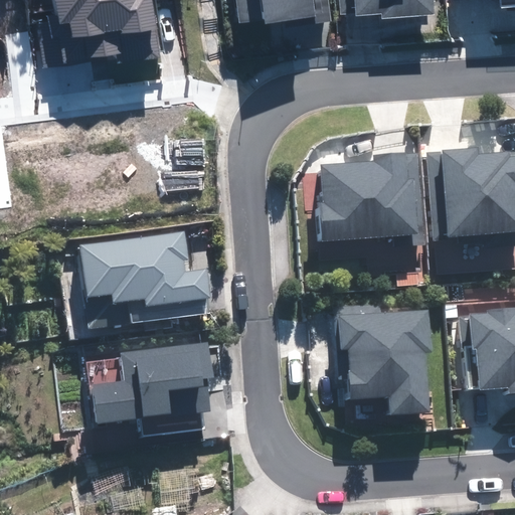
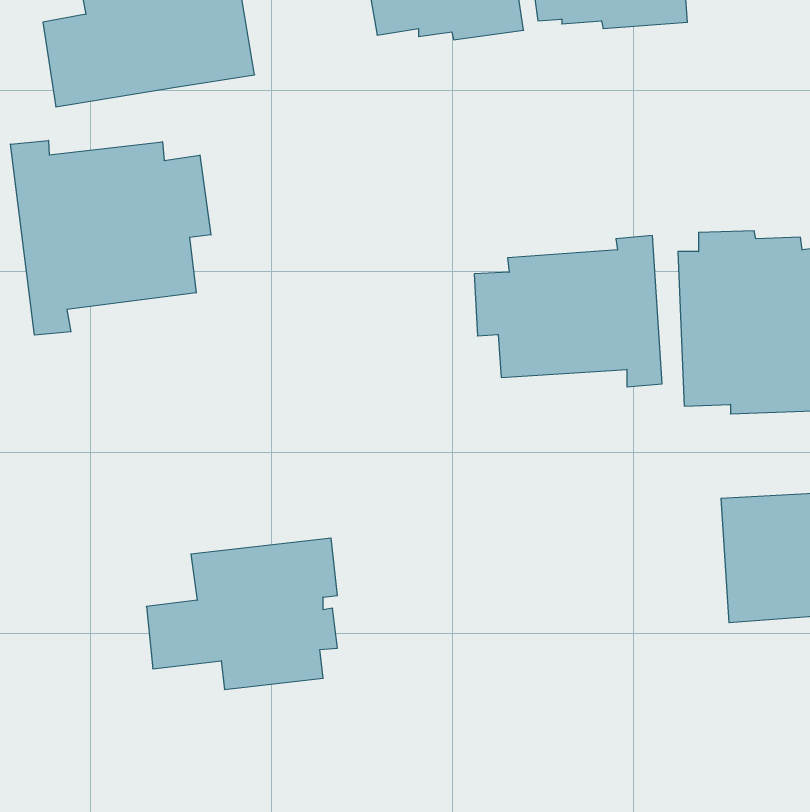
building: none -> [11,140,211,335]
building: [79,230,213,328] -> none
building: [336,305,432,415] -> none

